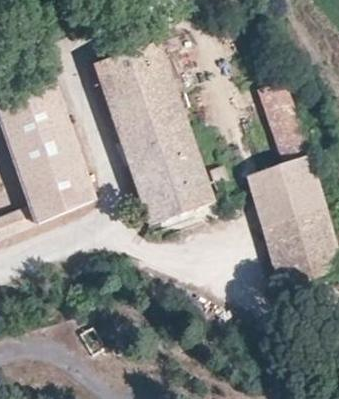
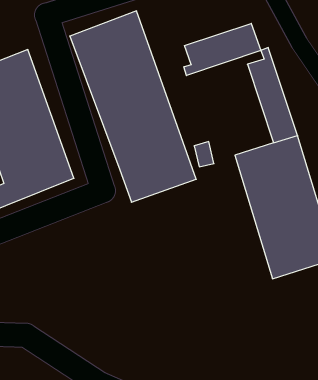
building: none -> [184,23,261,76]

